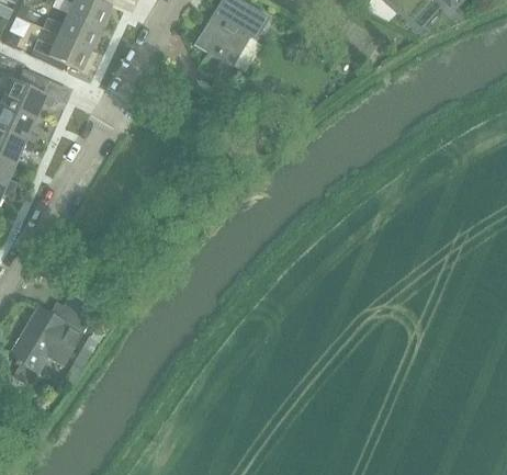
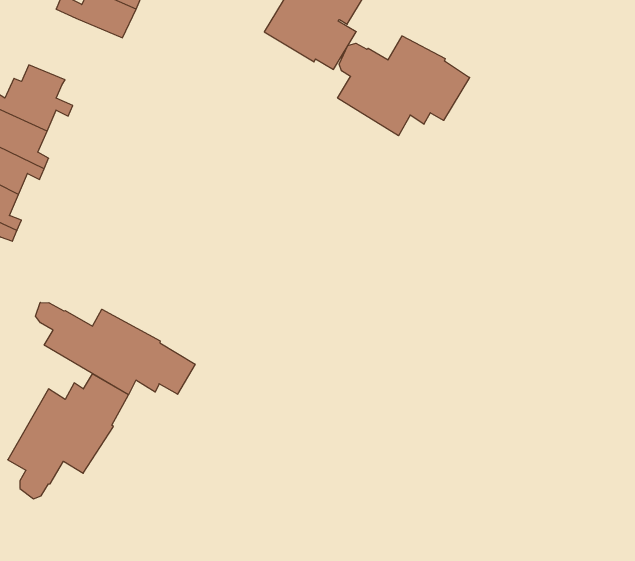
building: [33,34,91,70] -> none
building: none -> [338,36,470,136]
building: none -> [35,302,195,395]

